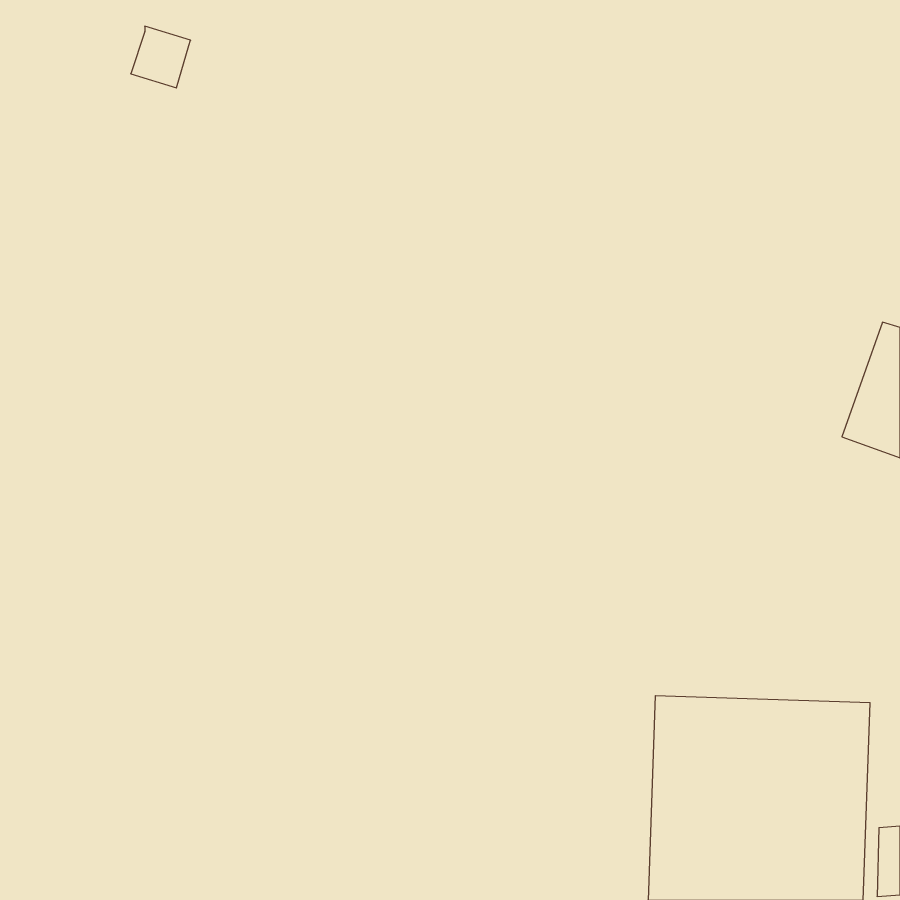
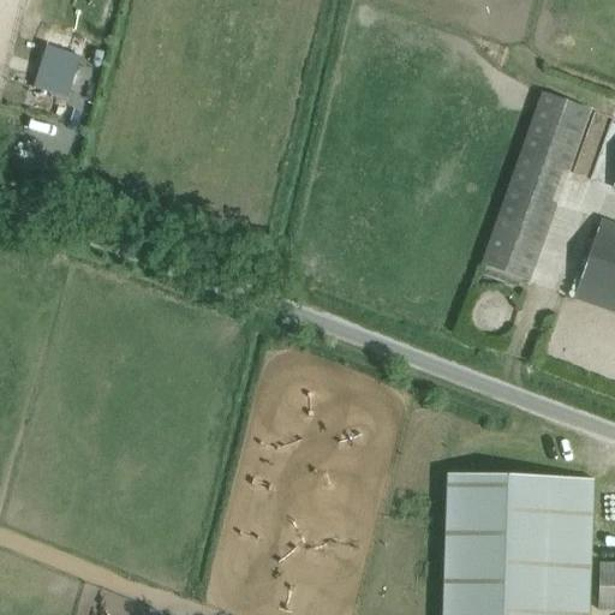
building: [131,26,191,88] -> [37,49,78,91]
building: none -> [480,94,590,282]

